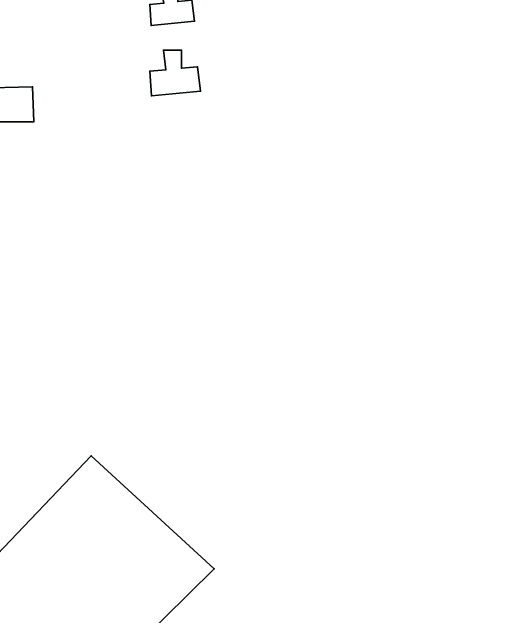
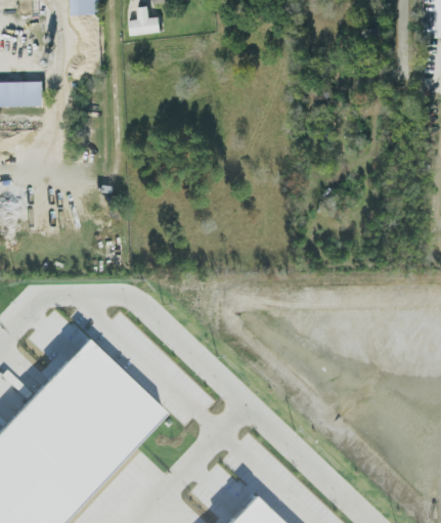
building: [150,50,201,96] -> none

